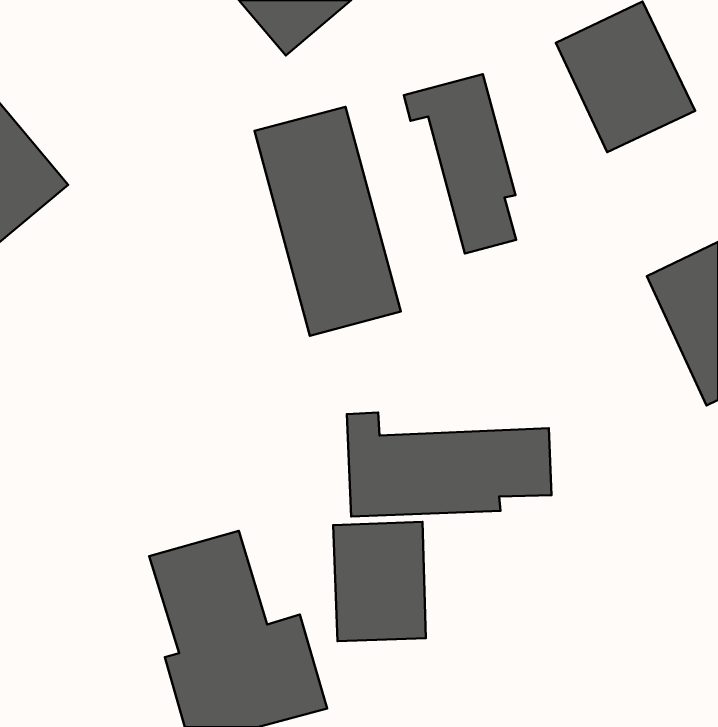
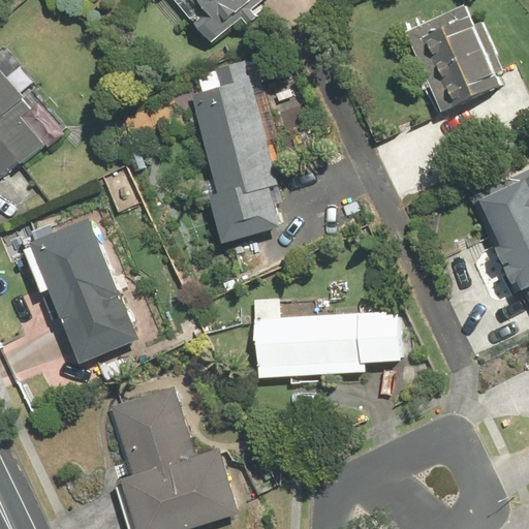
building: [404,74,516,254] -> none
building: none -> [30,218,139,362]
building: [333,522,426,641] -> none

